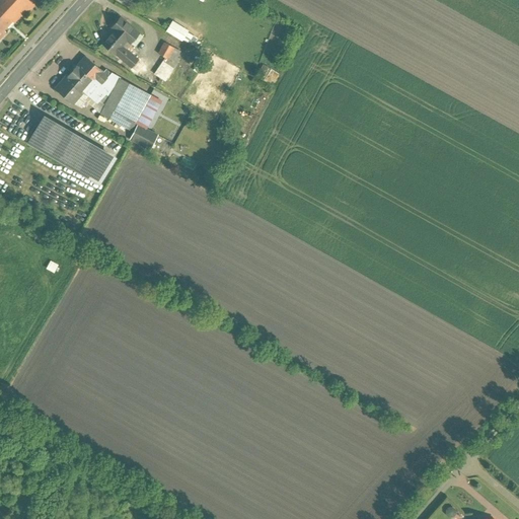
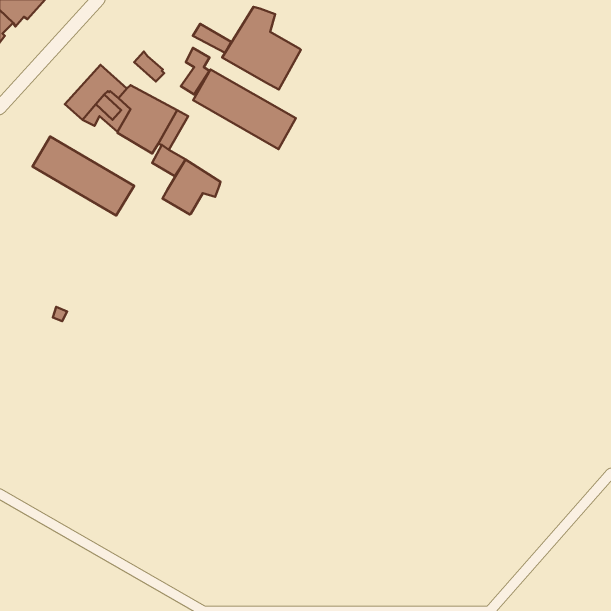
building: none -> [222,7,301,89]
building: [100,16,135,53] -> none
building: none -> [193,69,296,149]
building: none -> [163,159,221,214]

